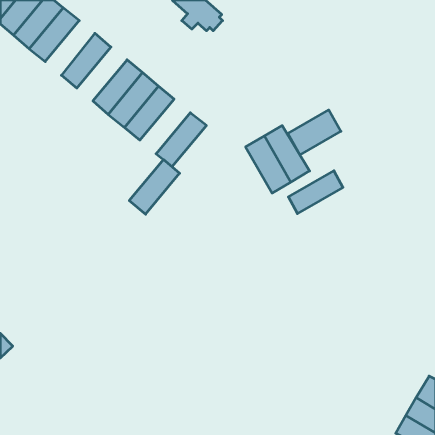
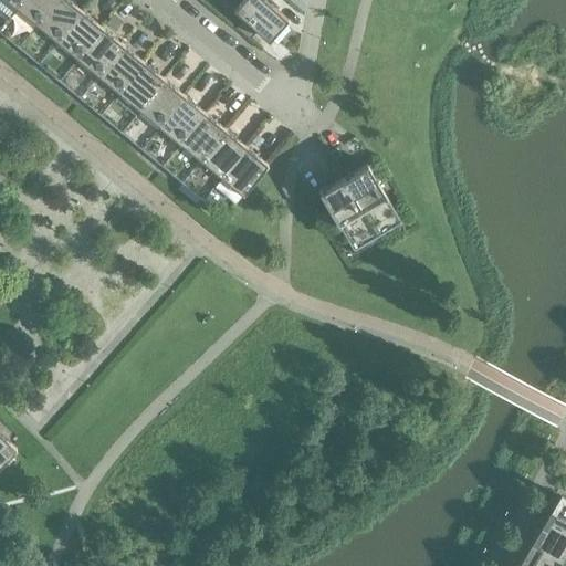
building: none -> [60,29,124,99]
building: none -> [101,63,166,133]
building: [288,110,341,155] -> none
building: [129,160,180,214] -> [182,130,248,201]
building: [288,171,343,214] -> none

